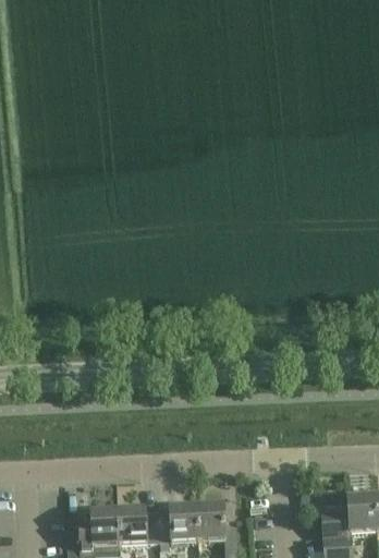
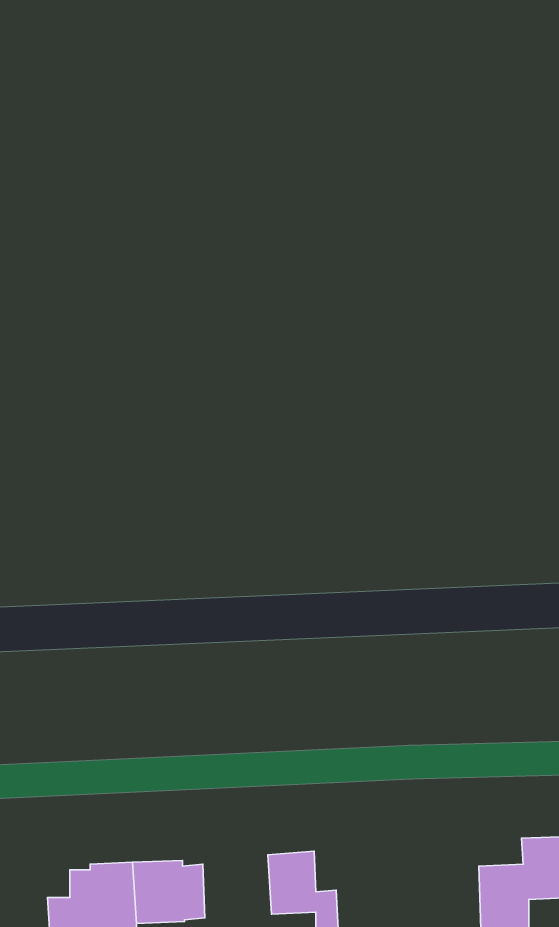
building: [158,504,198,541] -> none

